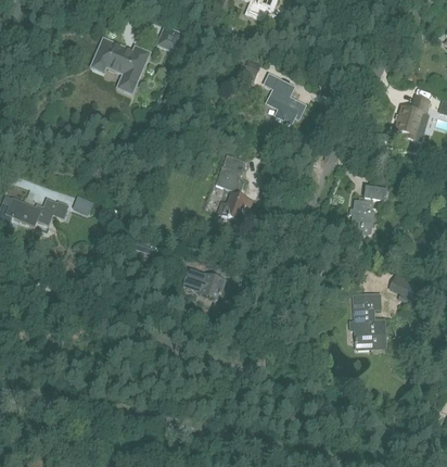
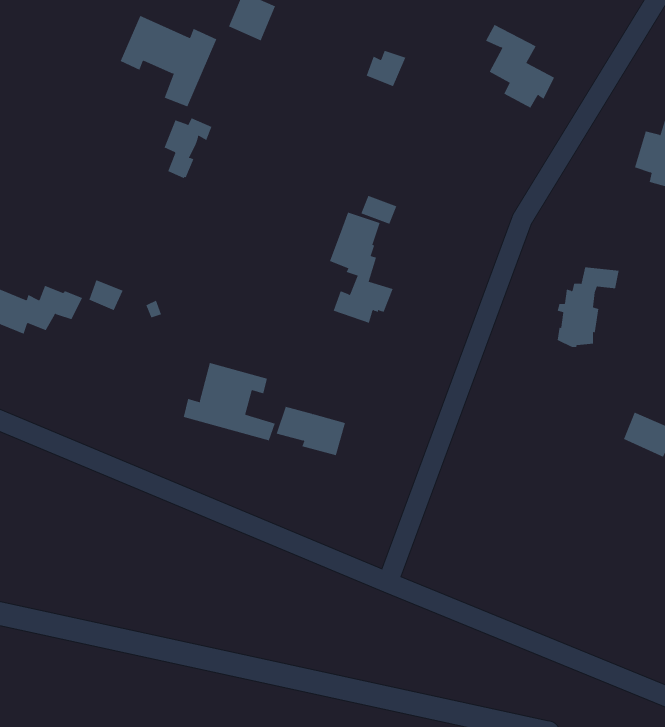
building: [264,74,305,124] -> [485,24,555,109]
building: none -> [164,118,212,179]
building: none -> [183,362,275,441]
building: [350,294,385,349] -> none

